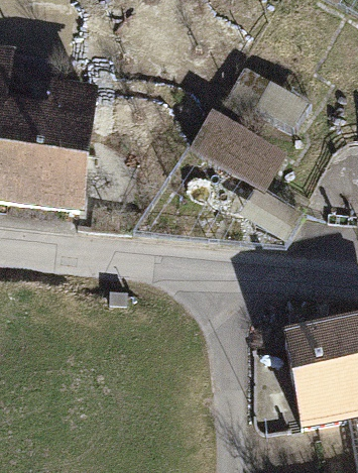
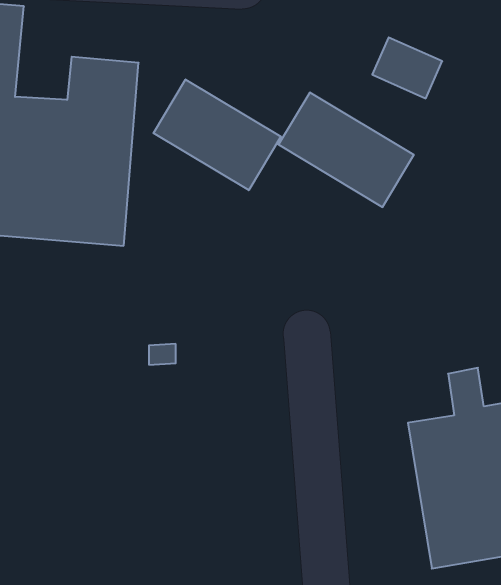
building: none -> [153,79,281,190]

